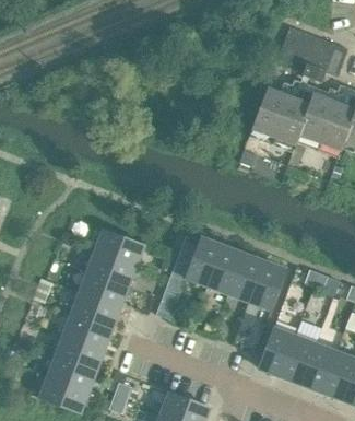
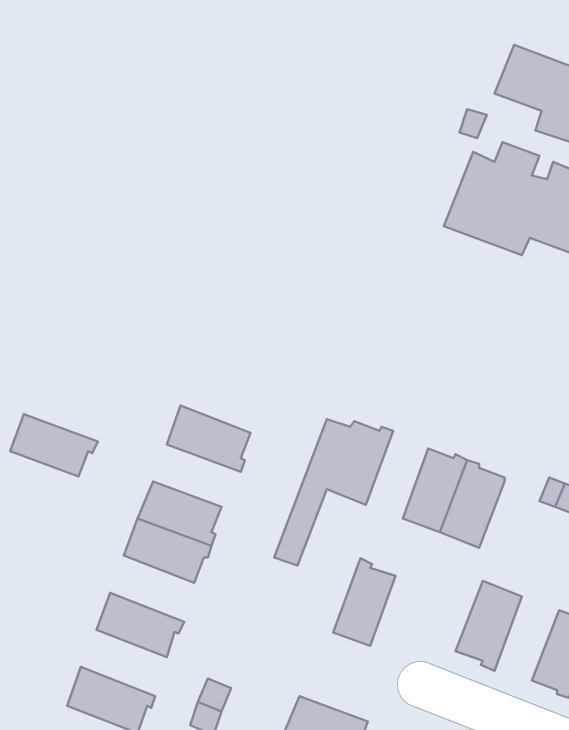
building: [208,244,242,293] -> [333,558,396,646]
building: [88,252,138,286] -> [10,414,98,477]
building: [64,314,111,351] -> none
building: [280,337,316,384] -> none
building: [48,355,96,393] -> none

